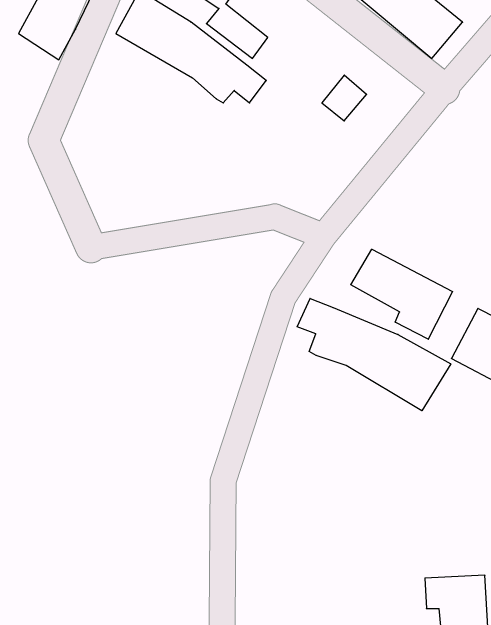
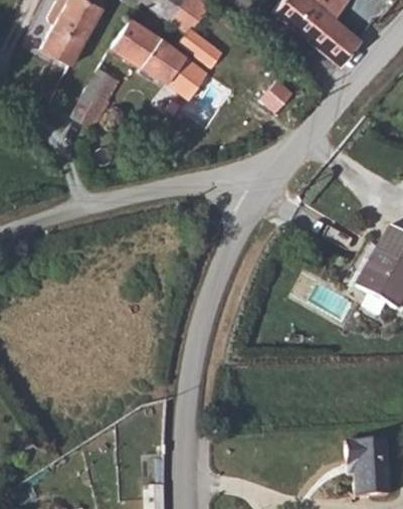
building: none -> [74,67,122,128]
building: [351,249,453,339] -> none
building: [297,298,451,411] -> none

